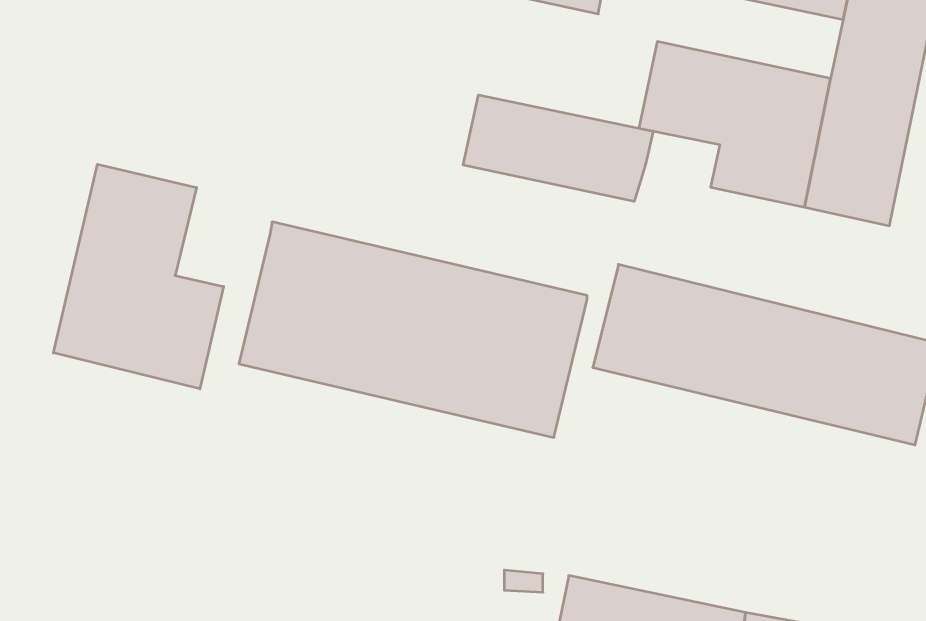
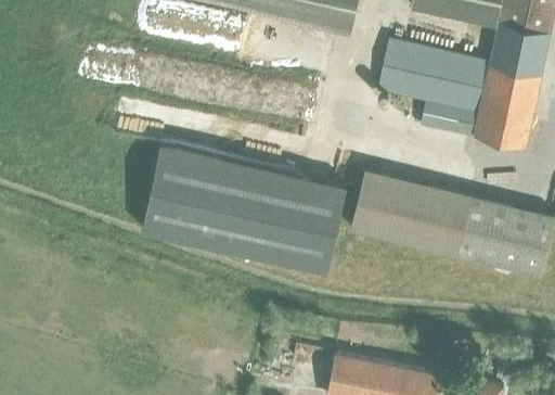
building: [463,95,653,201] -> none
building: [53,164,224,389] -> none

